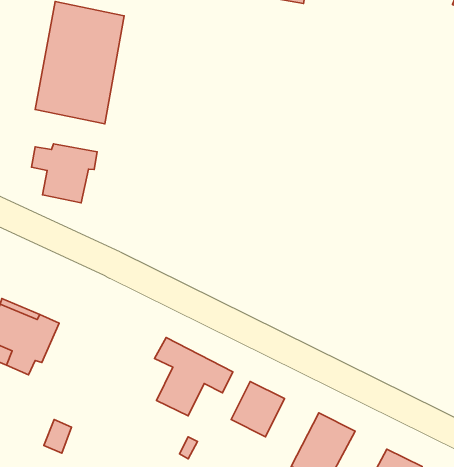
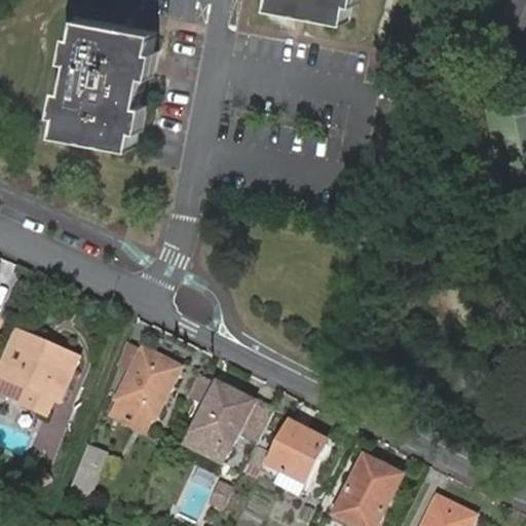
building: [31,144,97,203] -> none
building: none -> [112,347,176,435]

